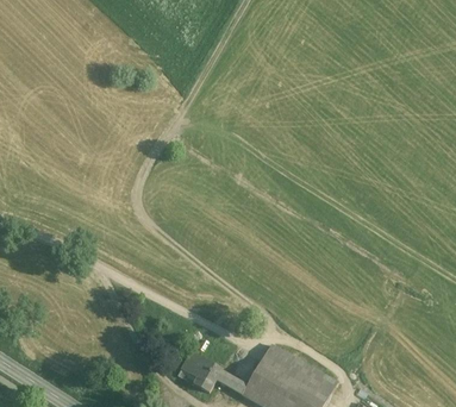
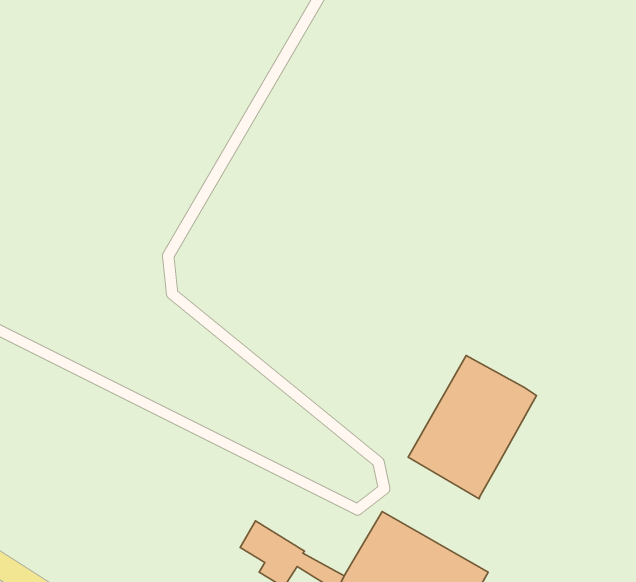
building: none -> [408,355,537,499]

